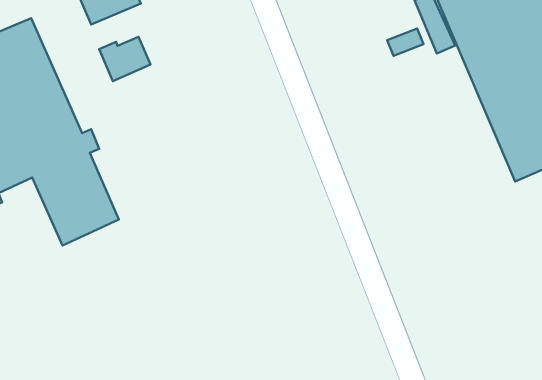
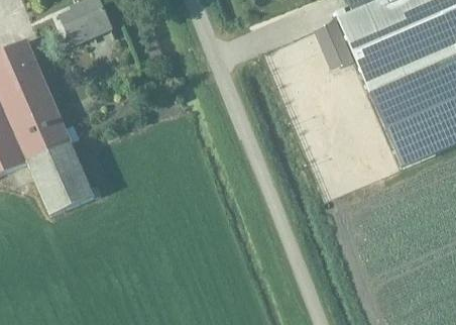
building: [99,37,151,81] -> none

